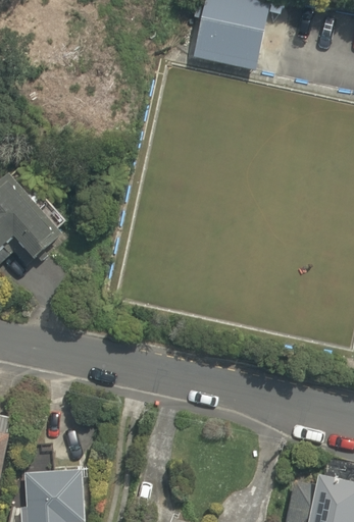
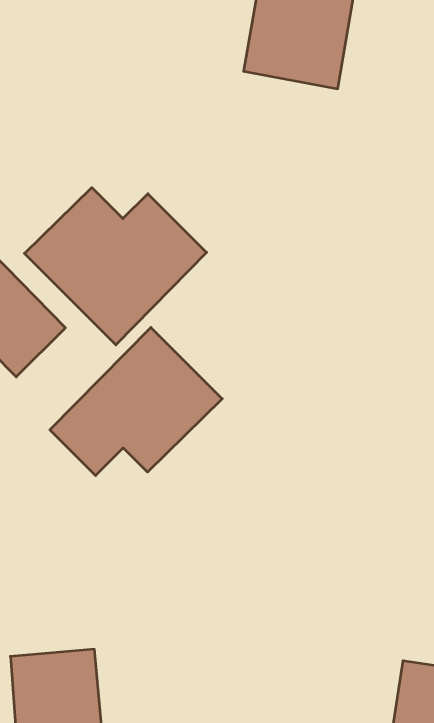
building: none -> [24,188,207,345]
building: none -> [50,327,222,476]

